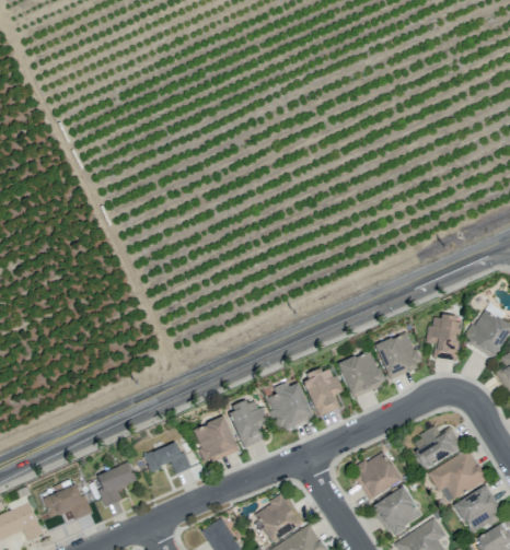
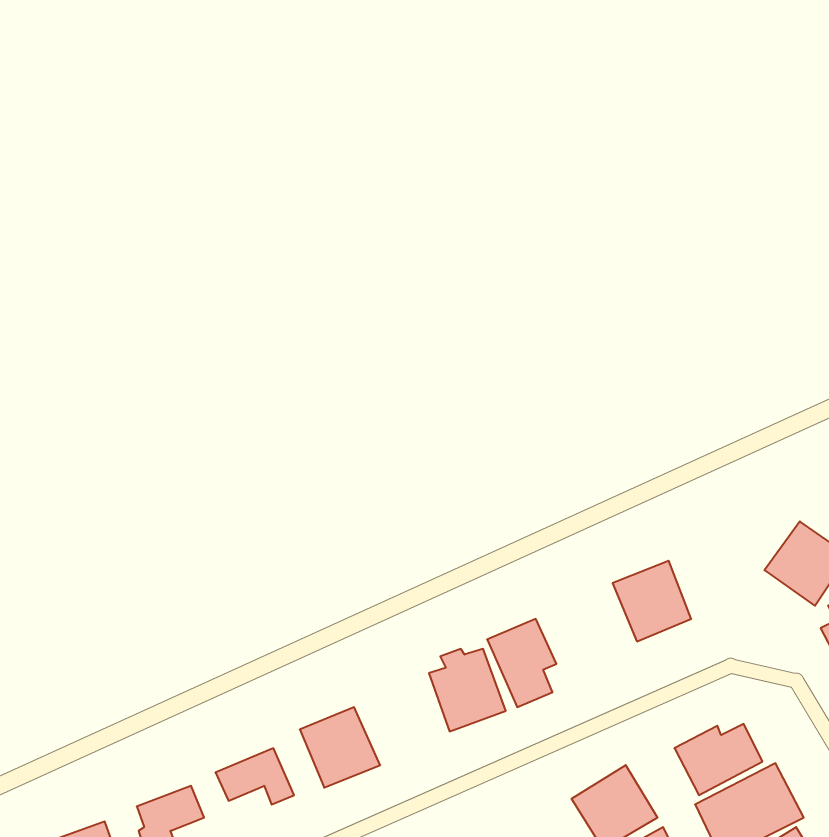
building: [428,315,462,360] -> none
building: [338,350,385,396] -> none
building: [228,397,266,447] -> none

